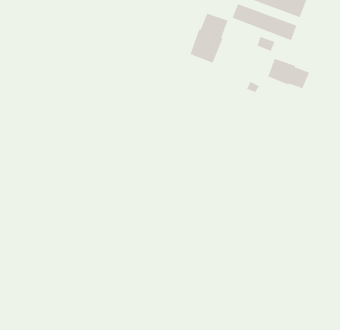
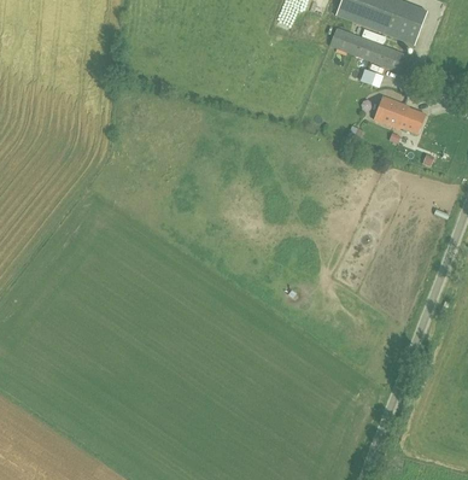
building: [190,13,228,64] -> none

